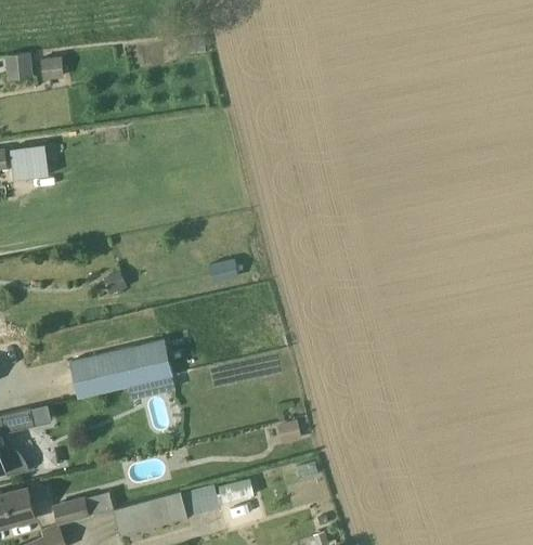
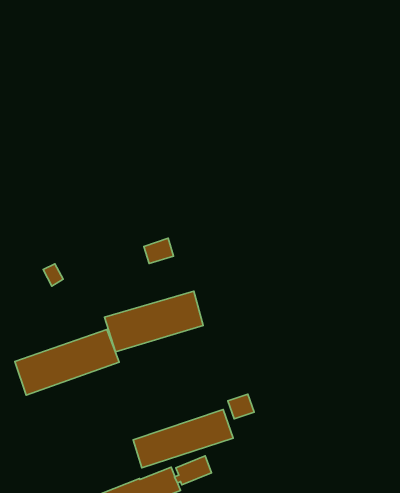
building: none -> [105,291,203,352]
building: none -> [133,410,233,468]

